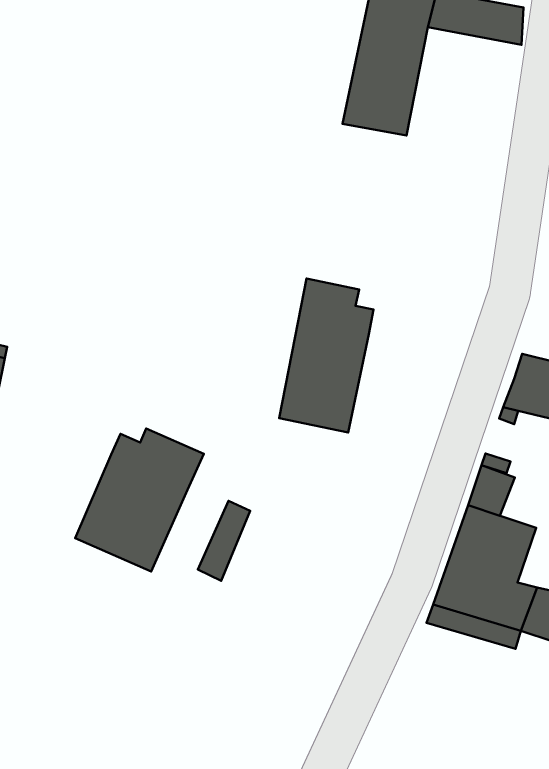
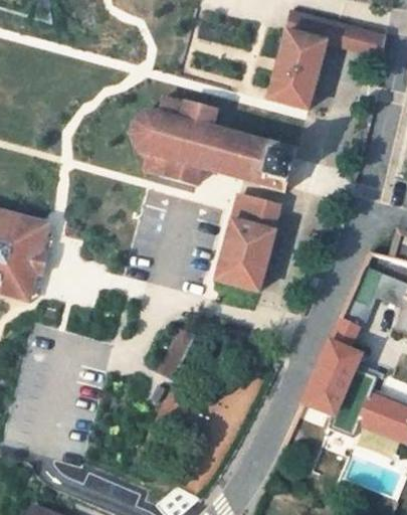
building: none -> [131,97,296,191]
building: [75,429,204,571] -> none

